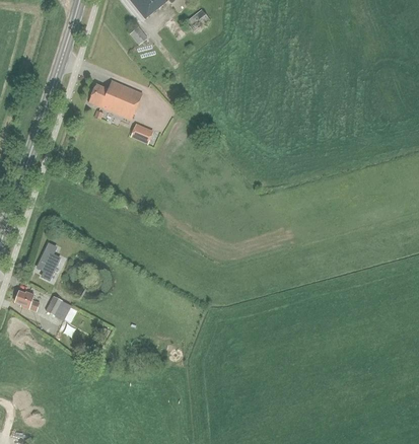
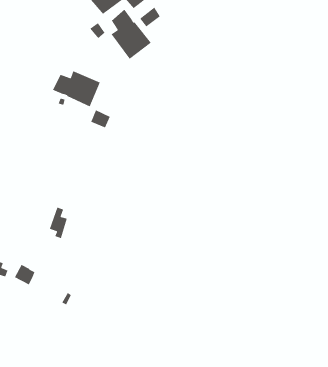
building: none -> [110,9,152,60]
building: [37,240,58,277] -> [49,206,68,239]

